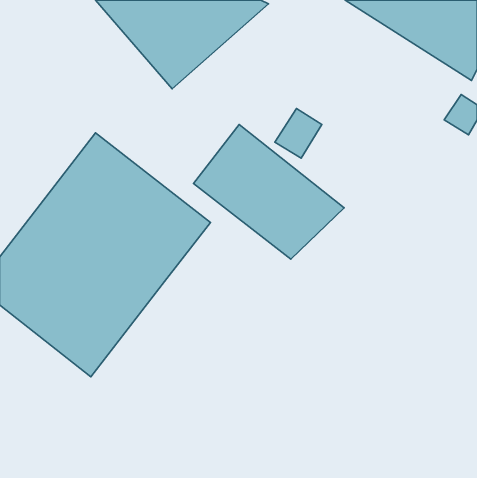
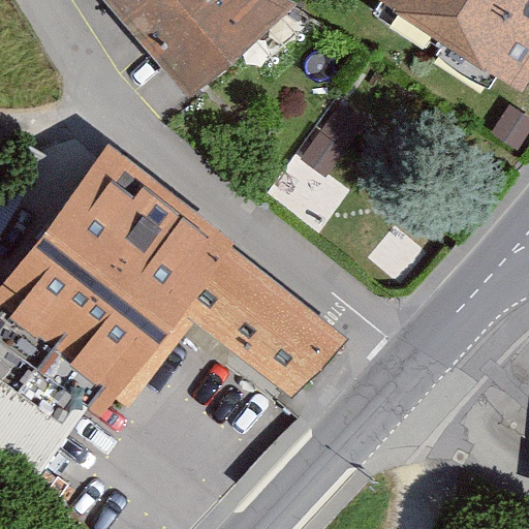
building: [193,125,344,259] -> [182,246,348,395]

